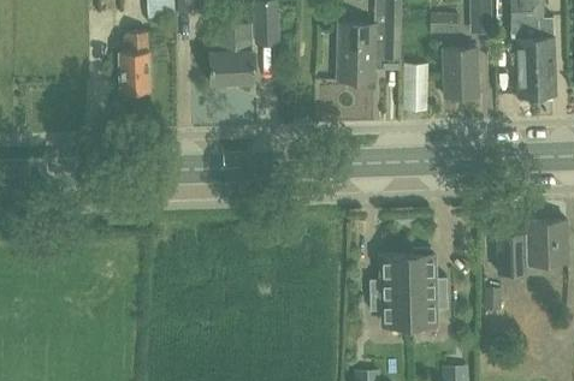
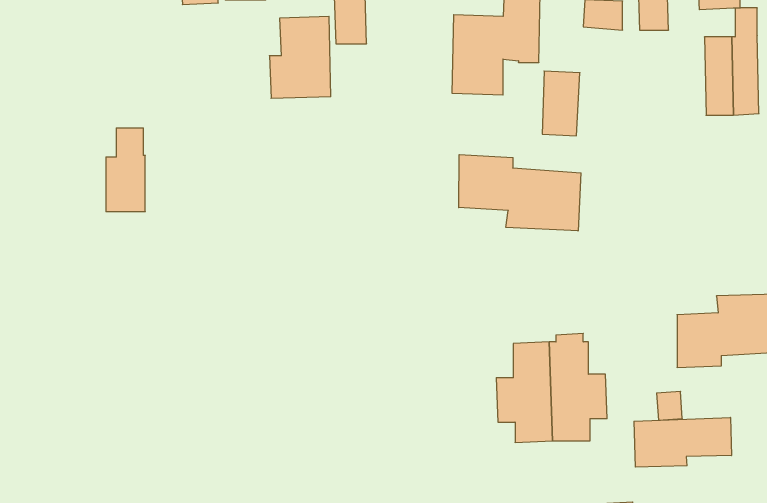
building: [120,32,148,91] -> [106,128,145,212]
building: [443,48,478,97] -> none
building: none -> [459,155,581,231]
building: none -> [634,417,731,467]

